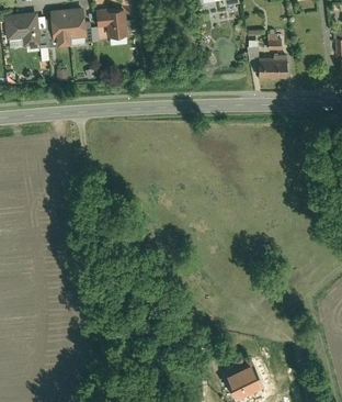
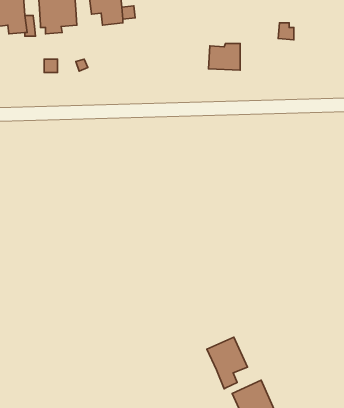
building: [258,56,286,80] -> [209,43,240,70]
building: none -> [207,337,247,389]

